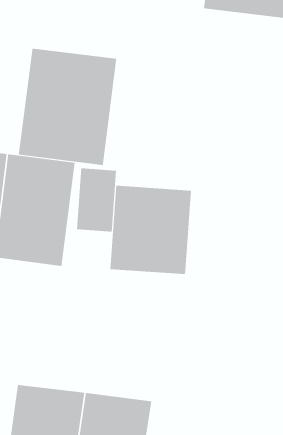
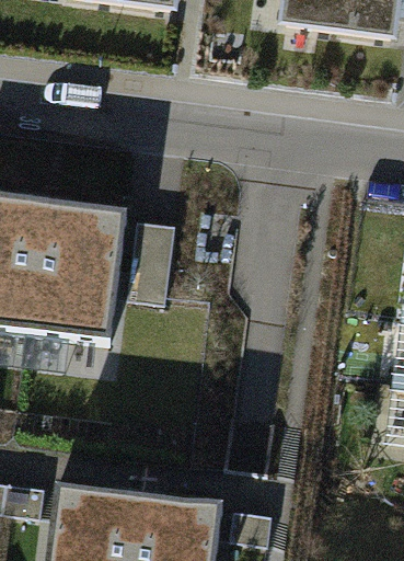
building: [18,48,117,166] -> none
building: [110,185,192,275] -> none

